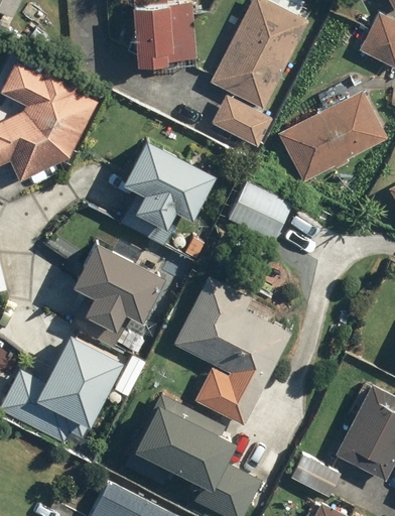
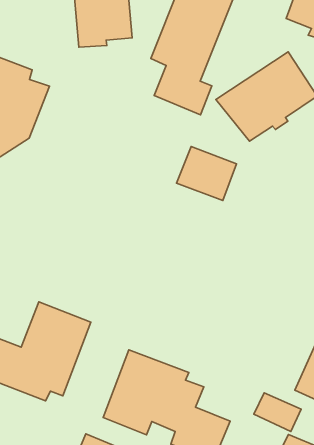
building: [121,137,215,247] -> none
building: [68,238,167,355] -> none
building: [172,276,292,426] -> none

